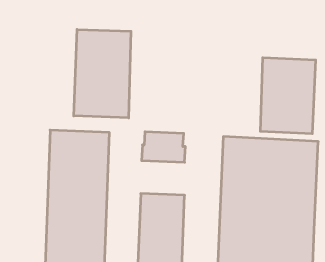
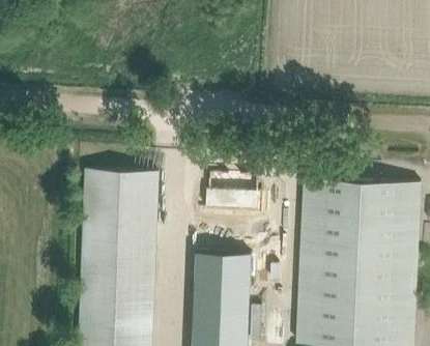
building: [74,29,131,118] -> none
building: [260,58,316,134] -> none

